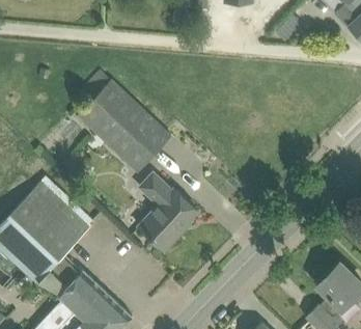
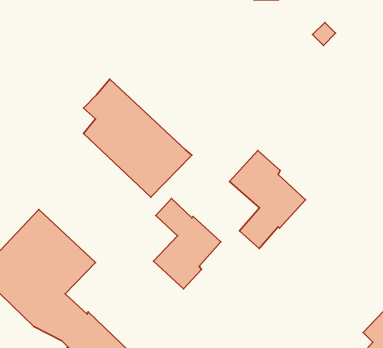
building: none -> [230,151,306,248]

